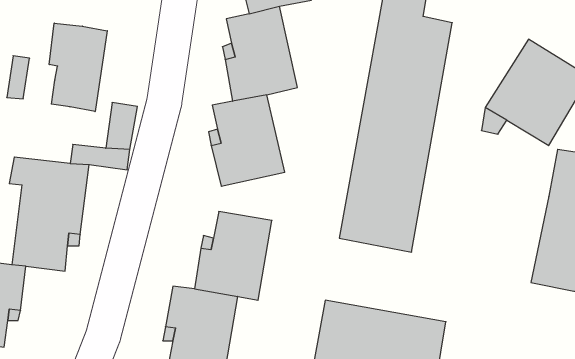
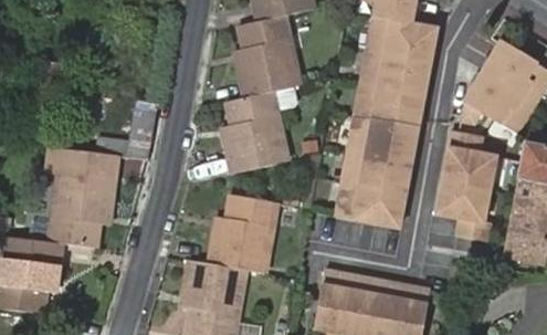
building: [49,23,107,112] -> none
building: none -> [435,133,495,243]

